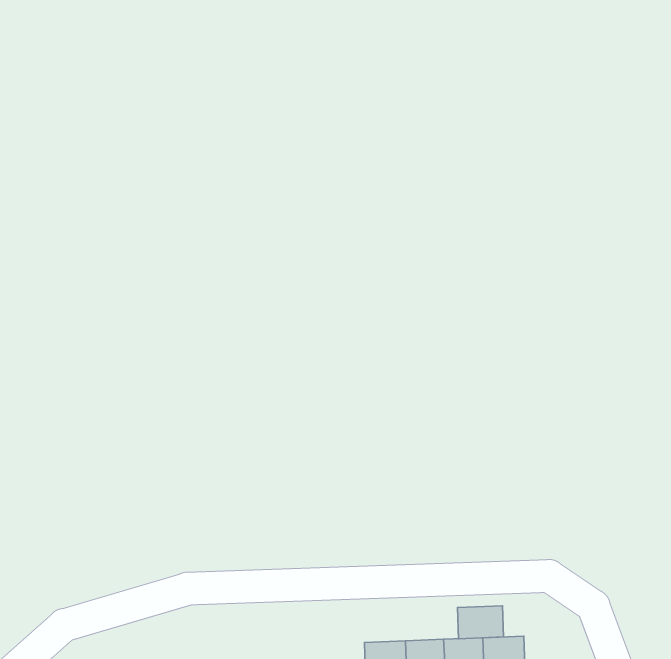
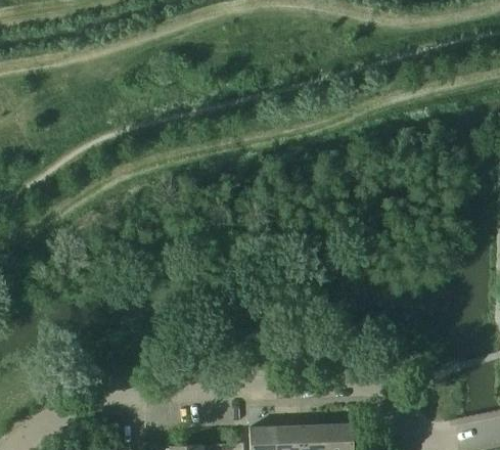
building: [458,606,503,639] -> none

